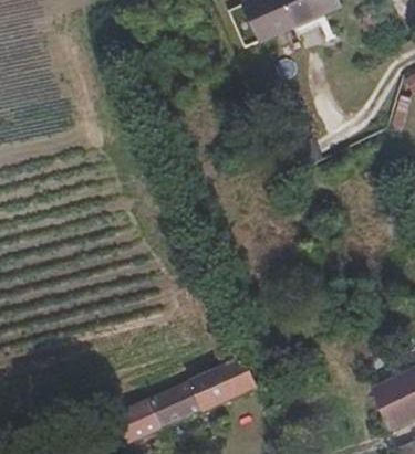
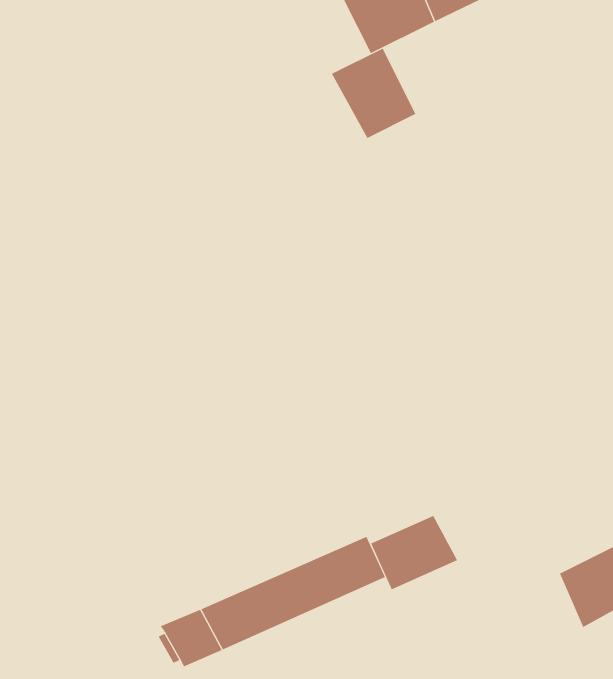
building: none -> [331,48,416,139]
building: none -> [371,515,458,590]

